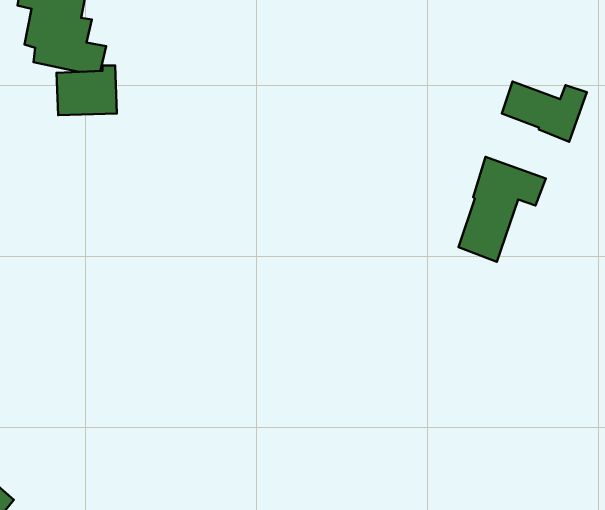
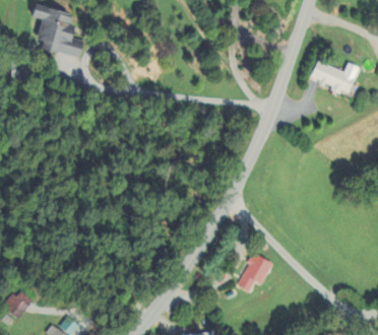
building: [458,157,546,262] -> none
building: none -> [236,253,272,291]

